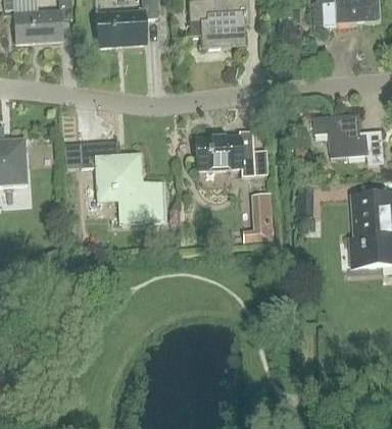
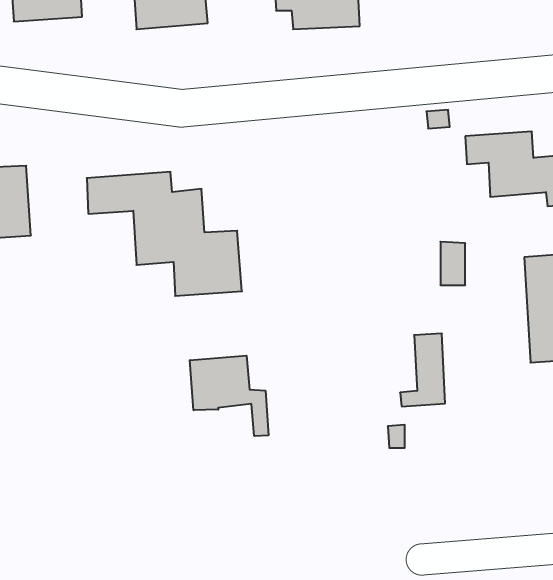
building: [194,128,266,175] -> none
building: [245,190,275,237] -> [400,334,445,406]
building: none -> [190,356,268,436]

